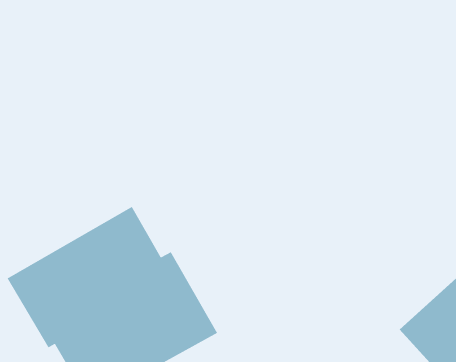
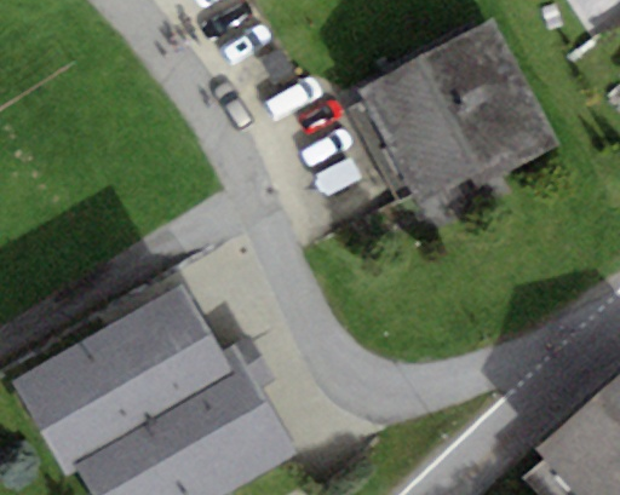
building: none -> [360,18,551,208]

